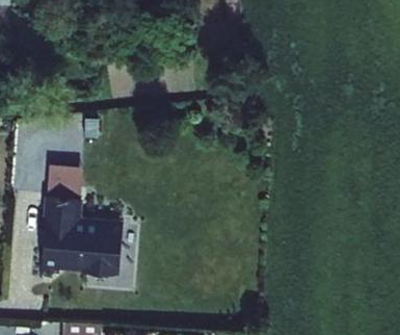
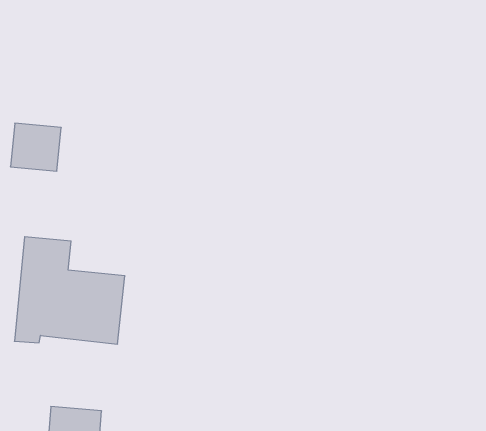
building: [47,163,83,198] -> [10,123,61,171]

